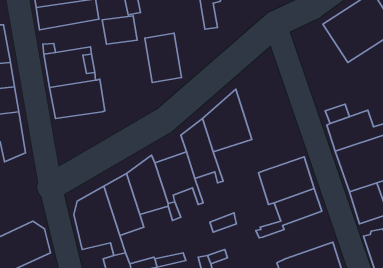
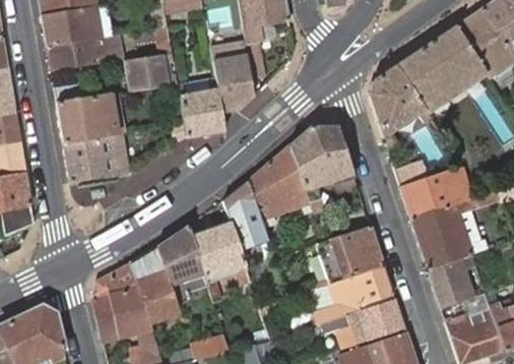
building: none -> [209,42,255,113]
building: none -> [370,65,430,147]
building: none -> [290,125,356,205]
building: none -> [322,299,406,346]

